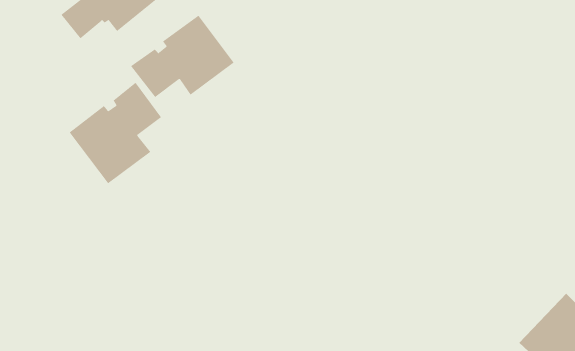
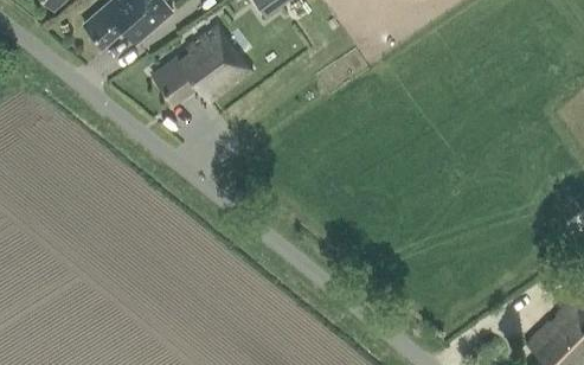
building: [69,82,162,184] -> none

